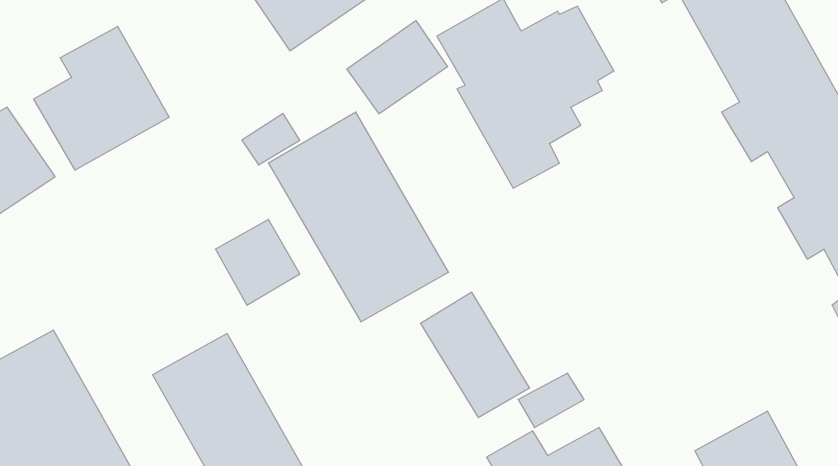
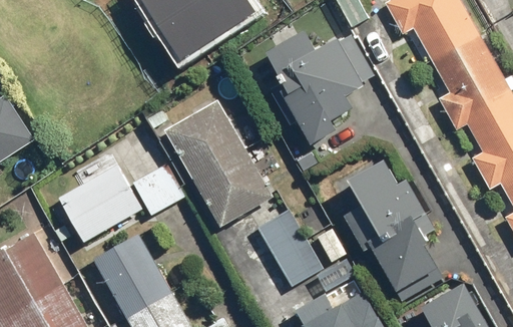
building: [347,21,448,114] -> none
building: [34,26,169,170] -> [58,153,140,241]
building: none -> [345,160,444,299]

